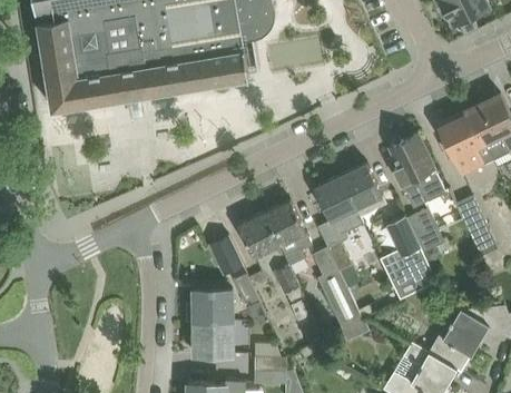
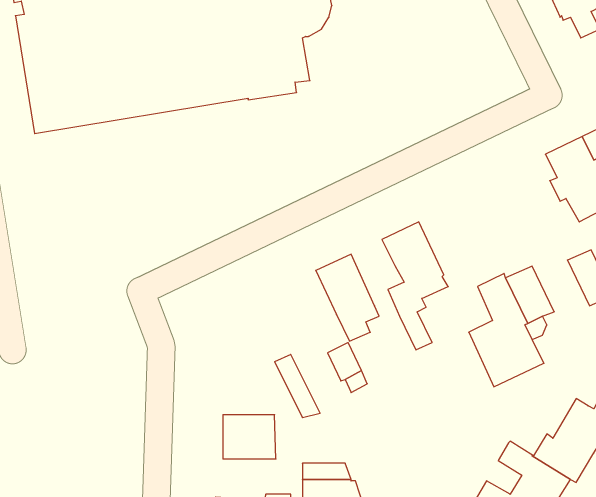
building: [389,135,444,210] -> none
building: [341,164,384,216] -> none
building: [237,213,278,258] -> none
building: [210,236,242,274] -> none
building: [311,247,361,330] -> none
building: [193,289,232,322] -> none

